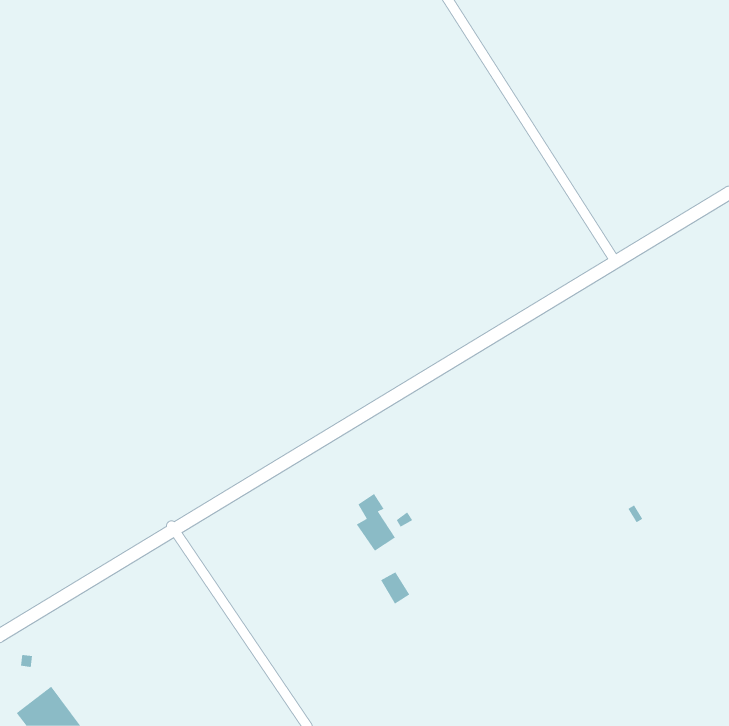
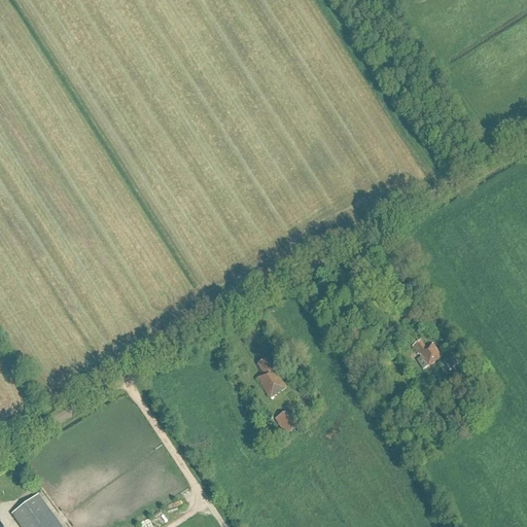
building: none -> [412,340,441,368]

